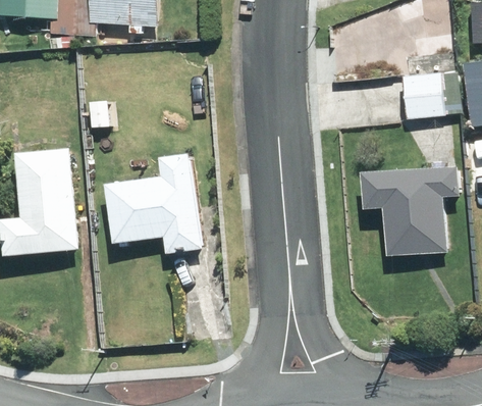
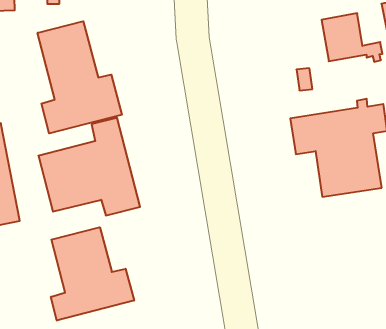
building: none -> [38,21,122,133]
building: none -> [51,227,134,321]

